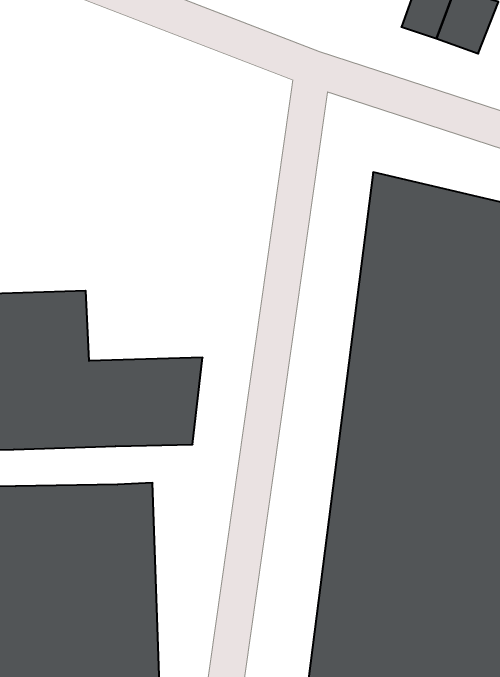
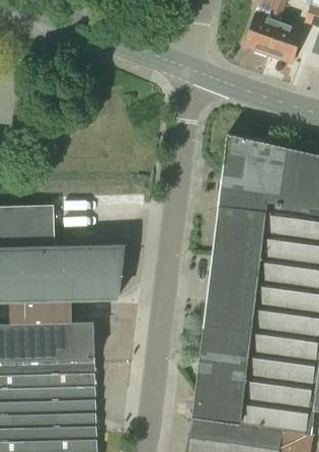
building: none -> [10,300,73,324]

